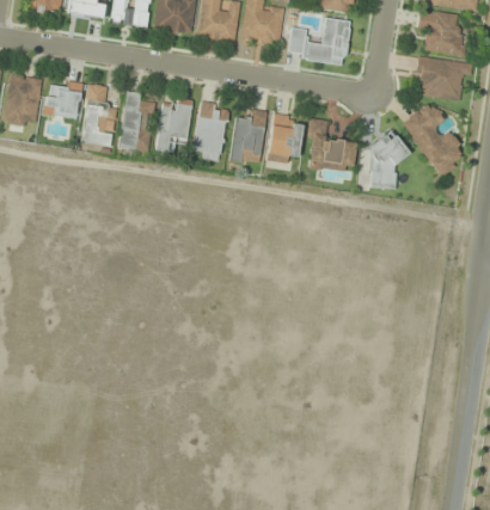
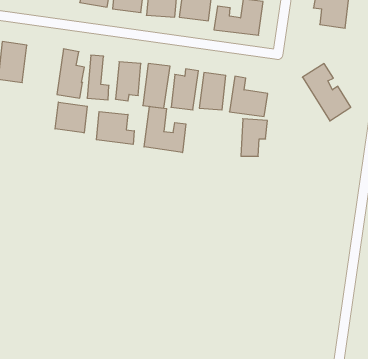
building: [415,57,472,99] -> none
building: [45,84,80,117] -> none
building: [370,136,405,185] -> [241,119,267,156]
building: none -> [55,102,87,133]
building: none -> [144,106,186,153]
building: none -> [96,112,134,144]

